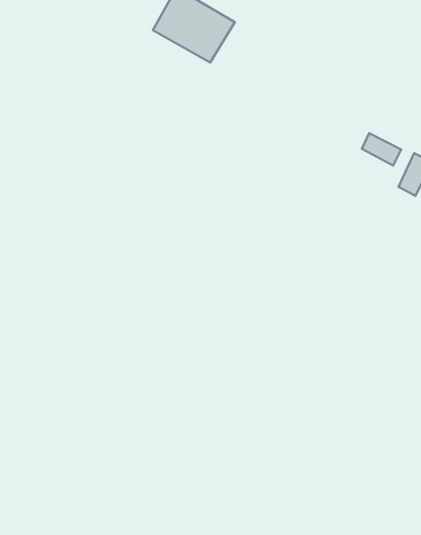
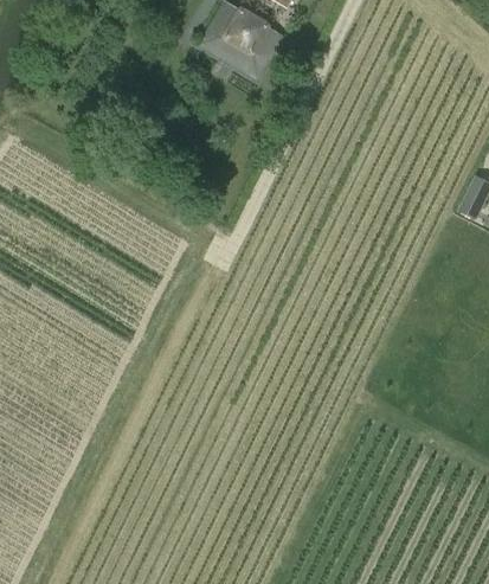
building: [362,133,401,165] -> none

